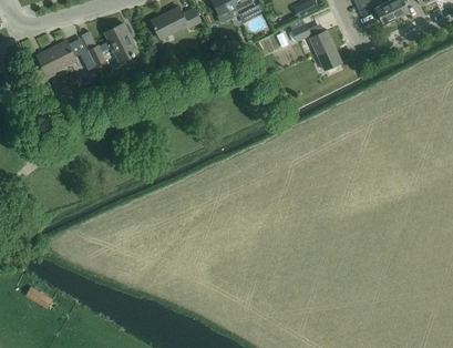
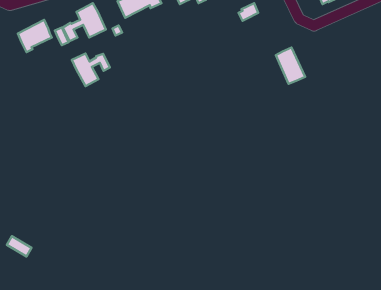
building: [309,29,342,70] -> [276,47,305,84]
building: none -> [72,53,110,86]

